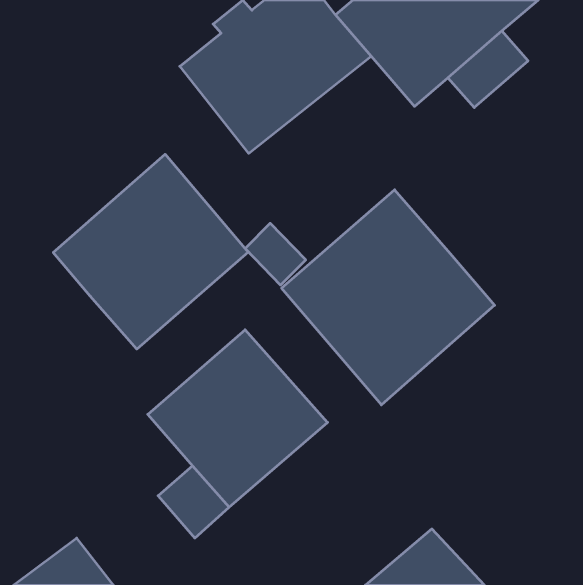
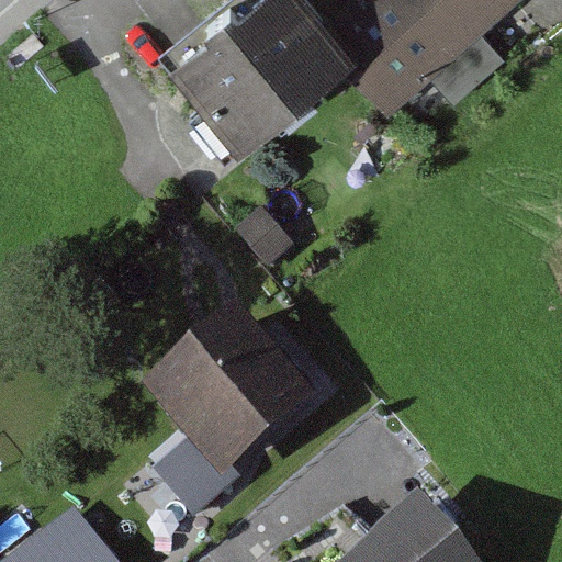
building: [53,154,248,349] -> none
building: [282,190,495,405] -> none

